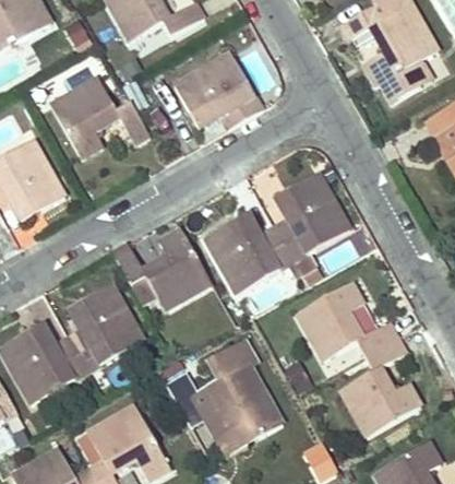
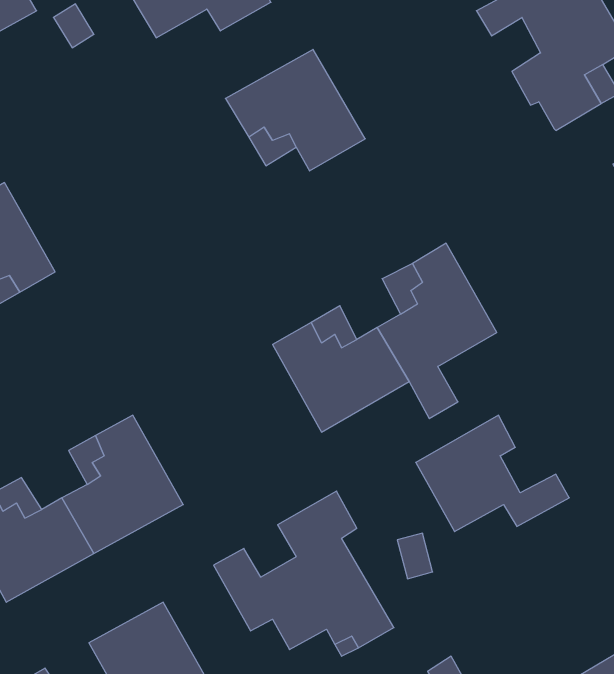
building: [49,71,148,150] -> none
building: [112,231,212,311] -> none
building: [339,338,419,436] -> none

